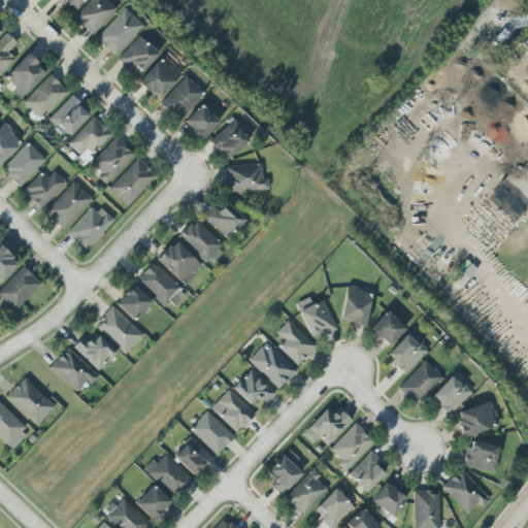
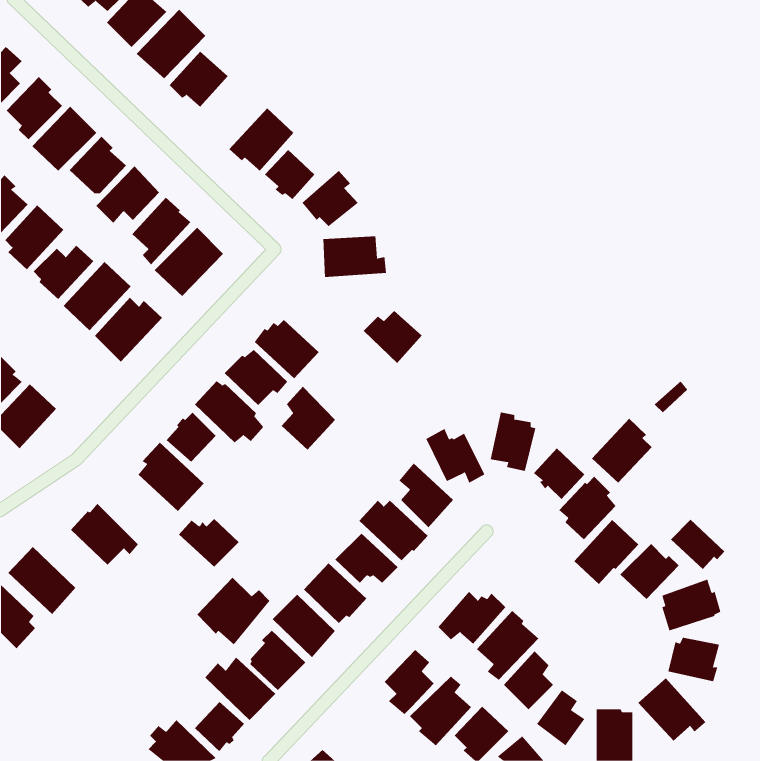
building: [138,52,183,97] -> none
building: [204,201,245,238] -> [363,310,423,364]
building: none -> [281,386,336,450]
building: none -> [591,418,652,483]
building: [74,335,117,369] -> [178,518,239,567]
building: none -> [670,519,725,570]
building: none -> [196,577,270,645]

